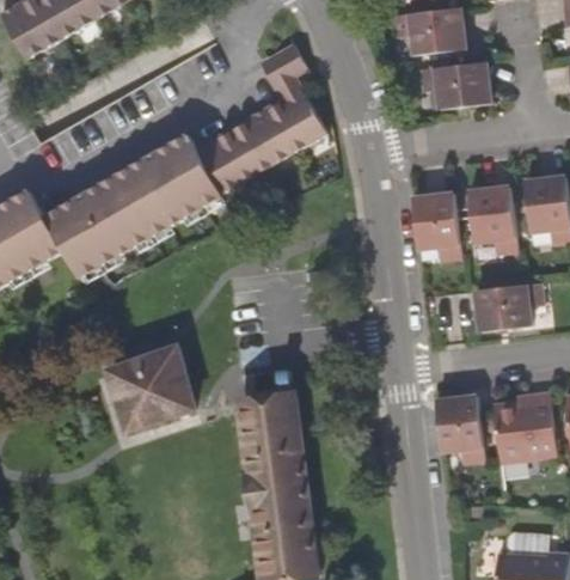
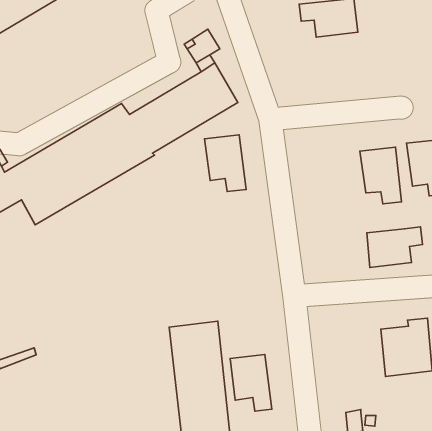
building: [421,61,491,109] -> none
building: [412,194,462,262] -> [204,135,246,191]
building: [106,344,198,431] -> none
building: [439,401,489,469] -> [230,355,272,411]

